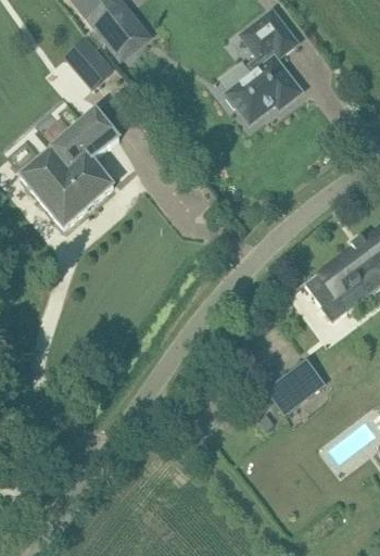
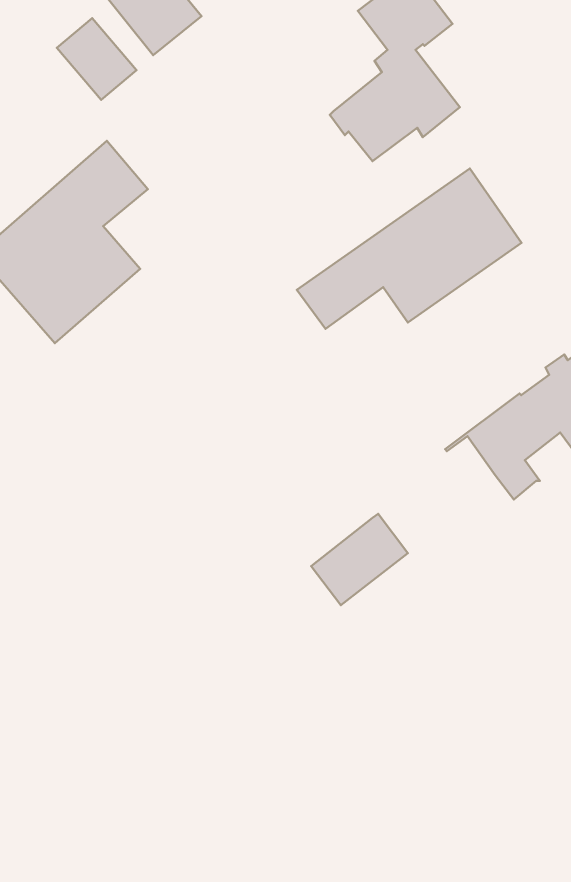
building: none -> [297,169,522,329]
building: [267,359,324,413] -> [311,514,408,605]

